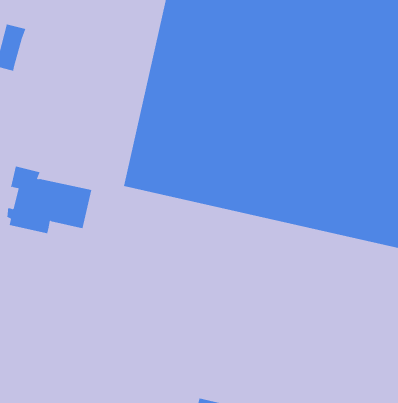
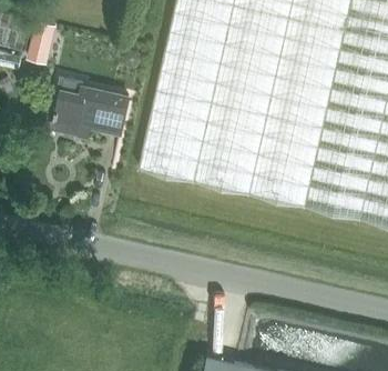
building: [6,166,92,234] -> [53,77,129,137]

